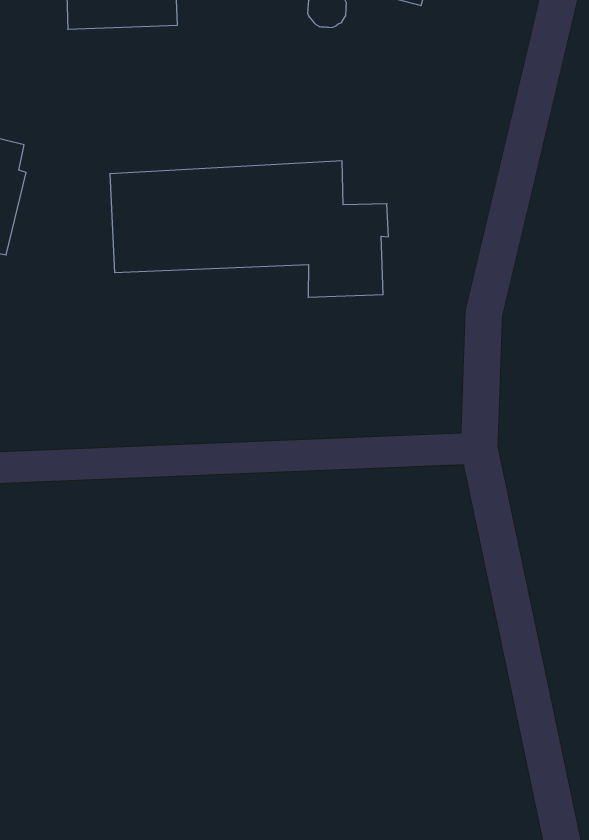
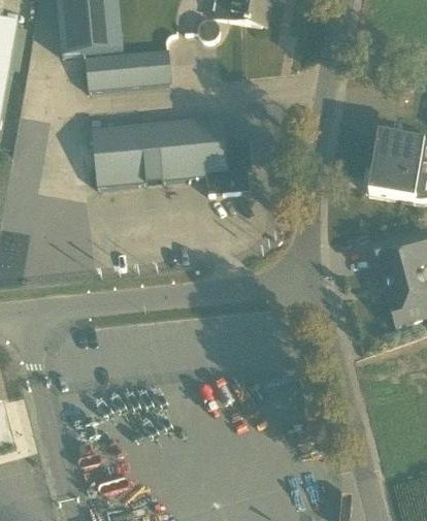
building: none -> [84,48,168,90]

